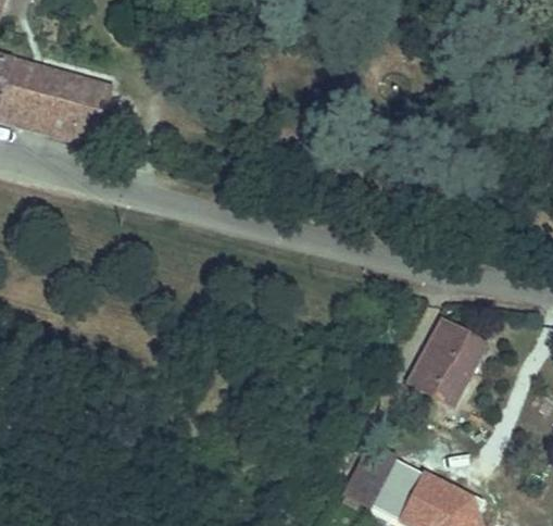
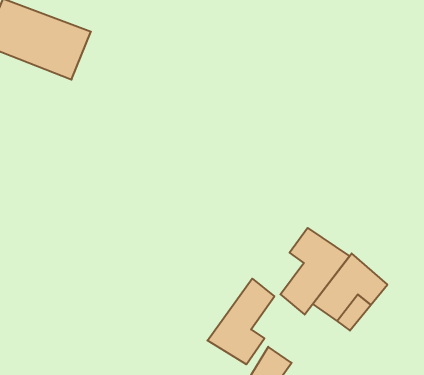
building: none -> [280,228,350,315]
building: none -> [207,279,274,364]

